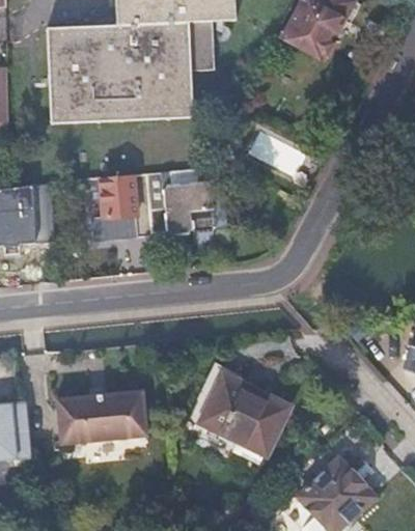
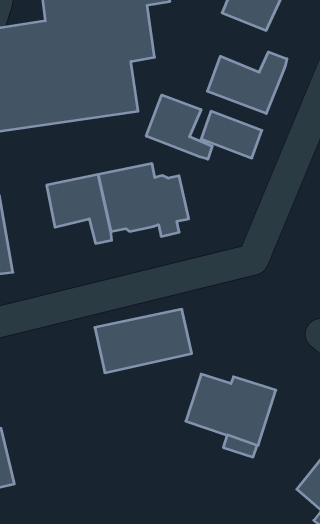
building: none -> [207,52,287,114]
building: none -> [146,95,212,159]
building: [58,387,146,438] -> [95,309,192,373]

